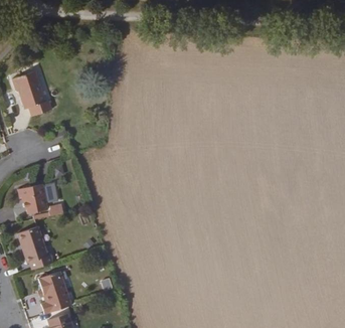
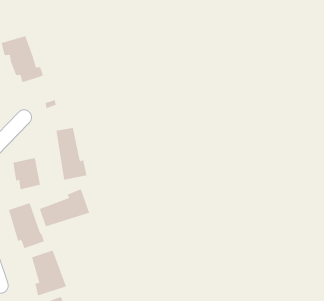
building: none -> [56,127,87,180]
building: none -> [39,188,90,227]

